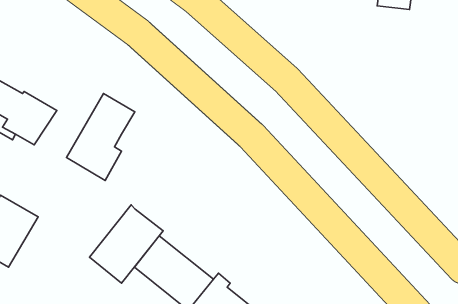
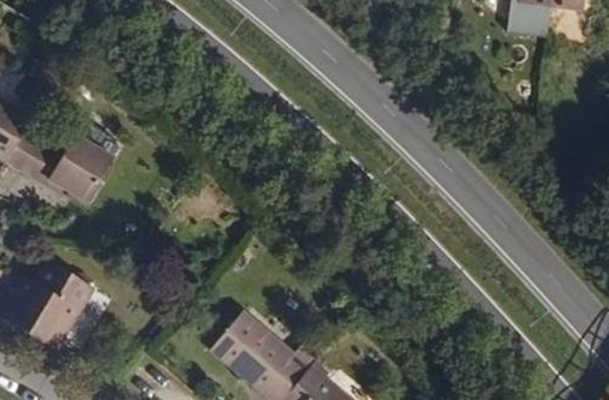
building: [67,93,135,181] -> none
building: [89,205,163,283] -> none

